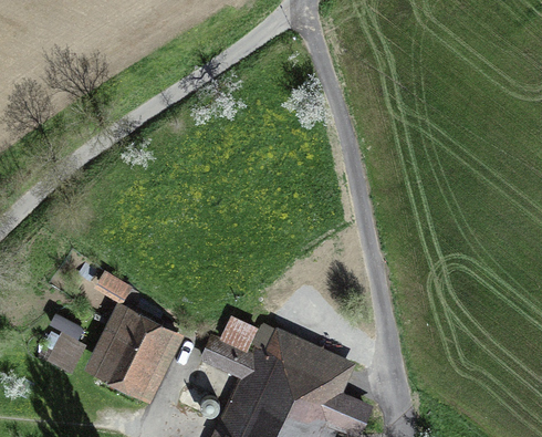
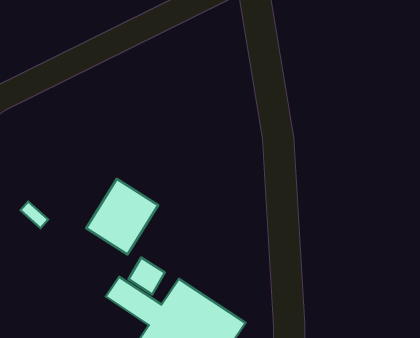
building: [95,312,166,388] -> [86,179,158,255]

